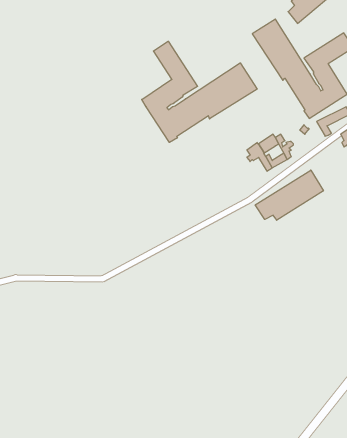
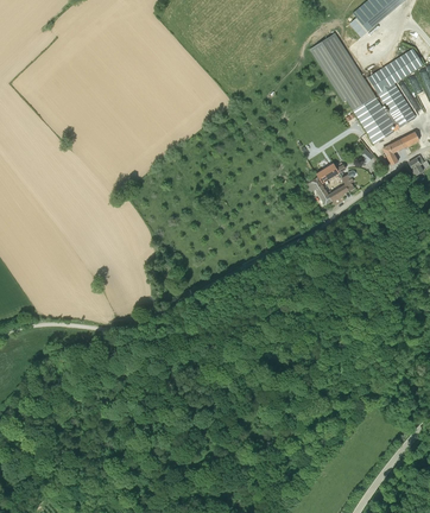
building: [142,41,257,142] -> none
building: [255,170,323,220] -> none

